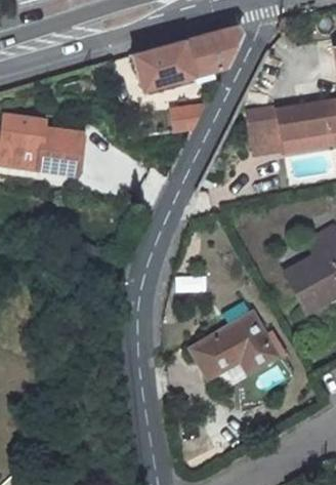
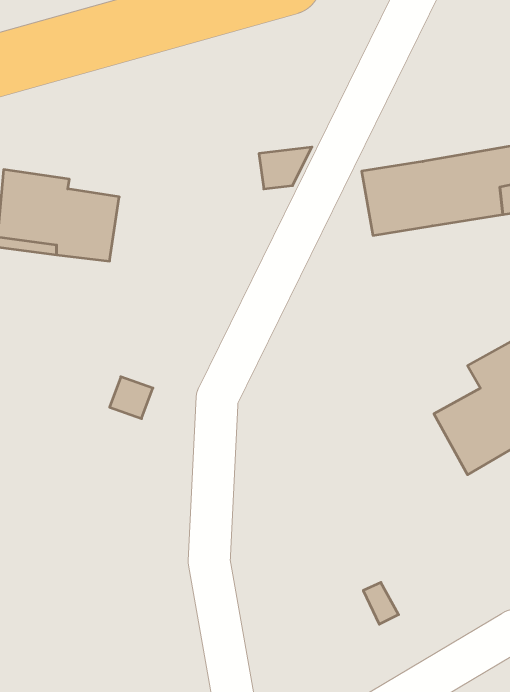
building: [133,25,244,87] -> none
building: [192,316,276,377] -> none

